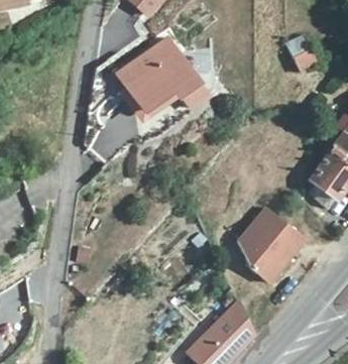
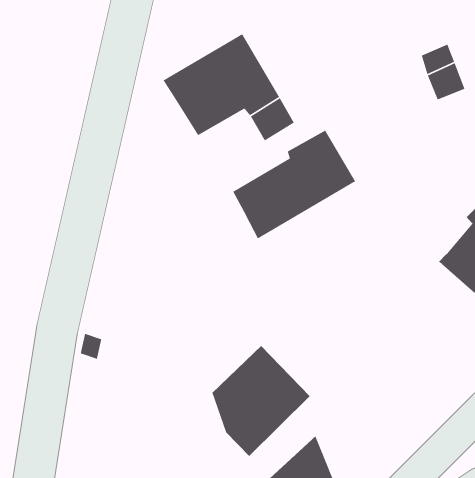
building: none -> [232,129,356,239]
building: [239,208,305,282] -> [212,345,310,457]

